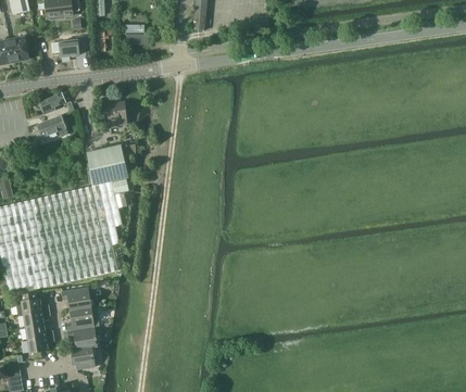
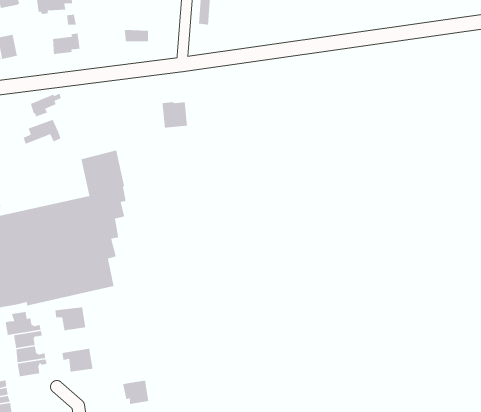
building: [102,101,126,126] -> [162,101,188,129]
building: [66,306,100,330] -> none
building: [71,345,98,369] -> [122,379,152,405]

